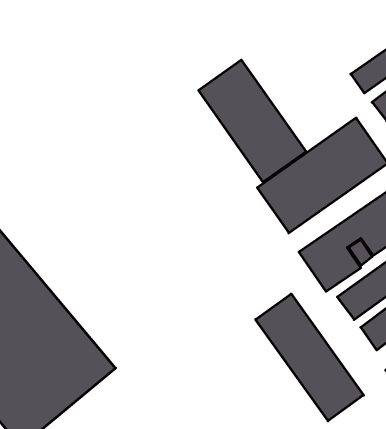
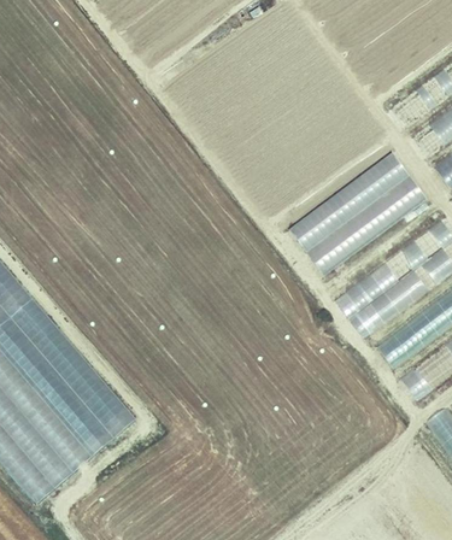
building: [199,60,306,182] -> none
building: [256,294,364,421] -> none

